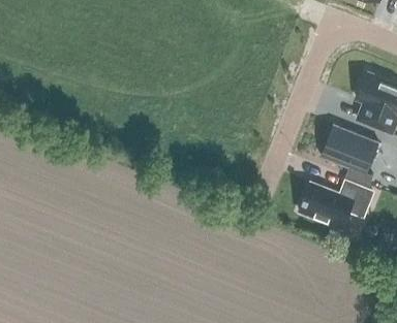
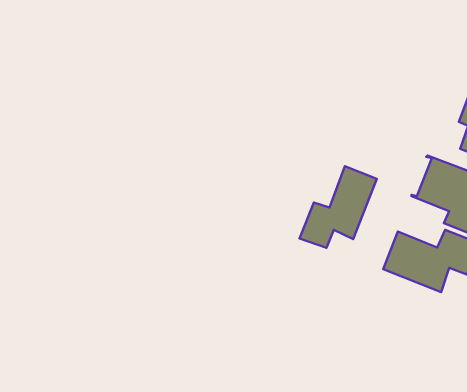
building: none -> [299,166,377,248]

